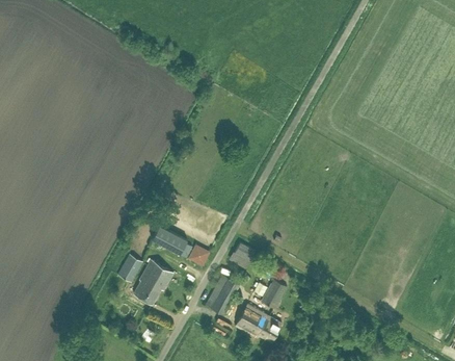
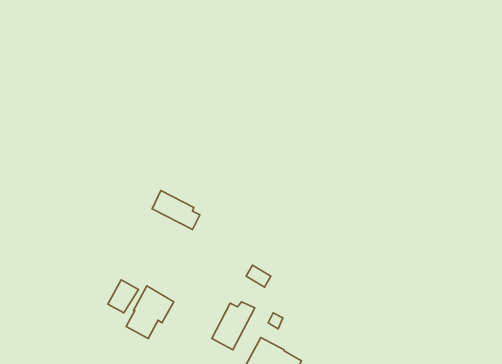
building: [152,226,192,259] -> [152,190,200,230]
building: [261,280,287,310] -> none

